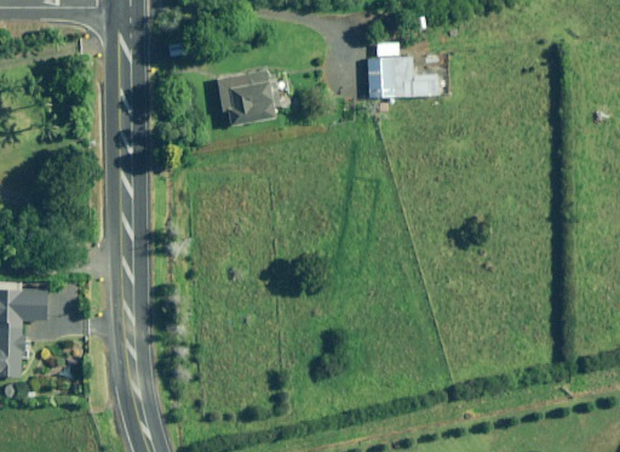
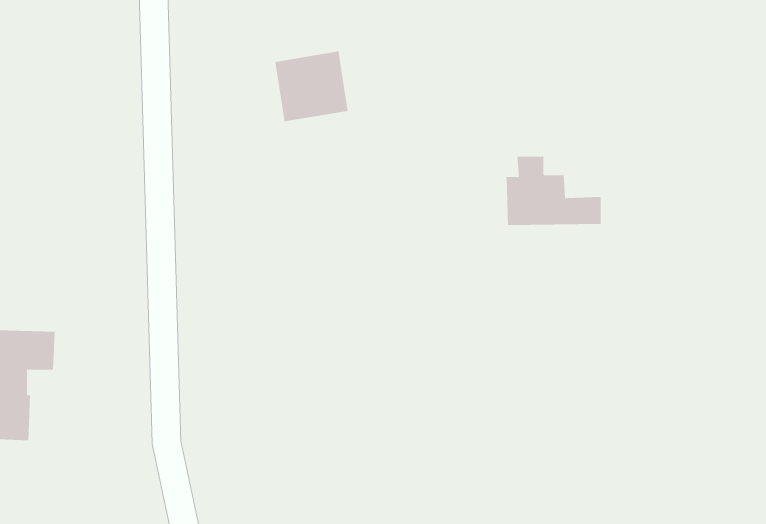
building: [368,42,443,97] -> [506,156,601,226]

